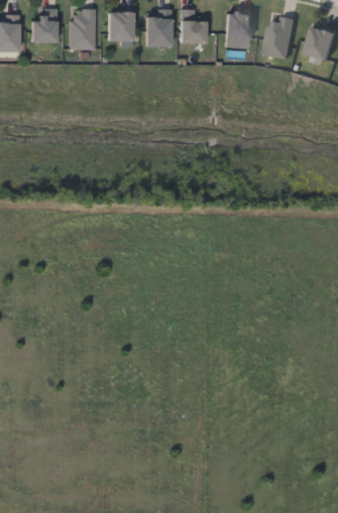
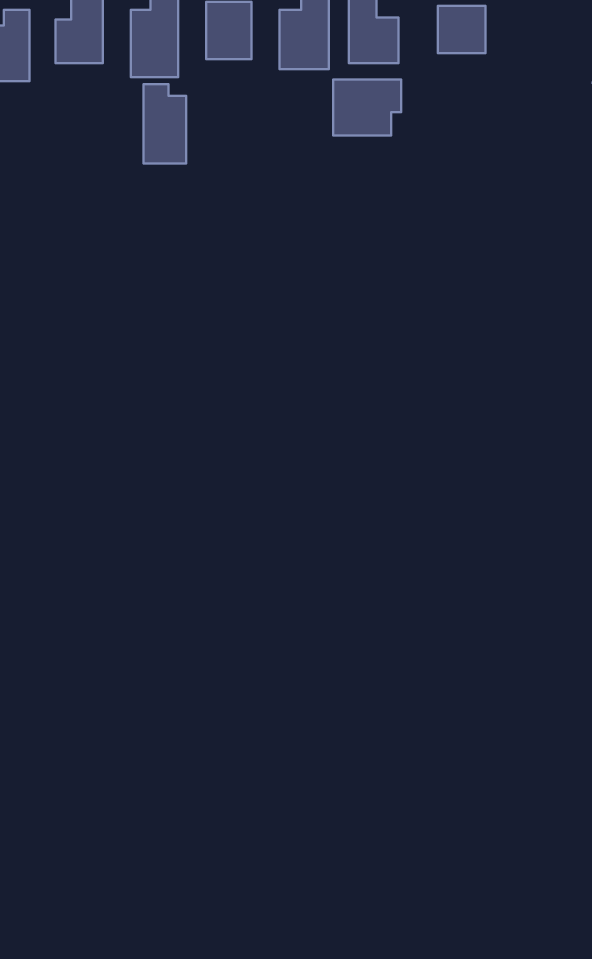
building: [264,15,295,58] -> none
building: none -> [333,80,401,135]
building: none -> [144,84,186,163]

